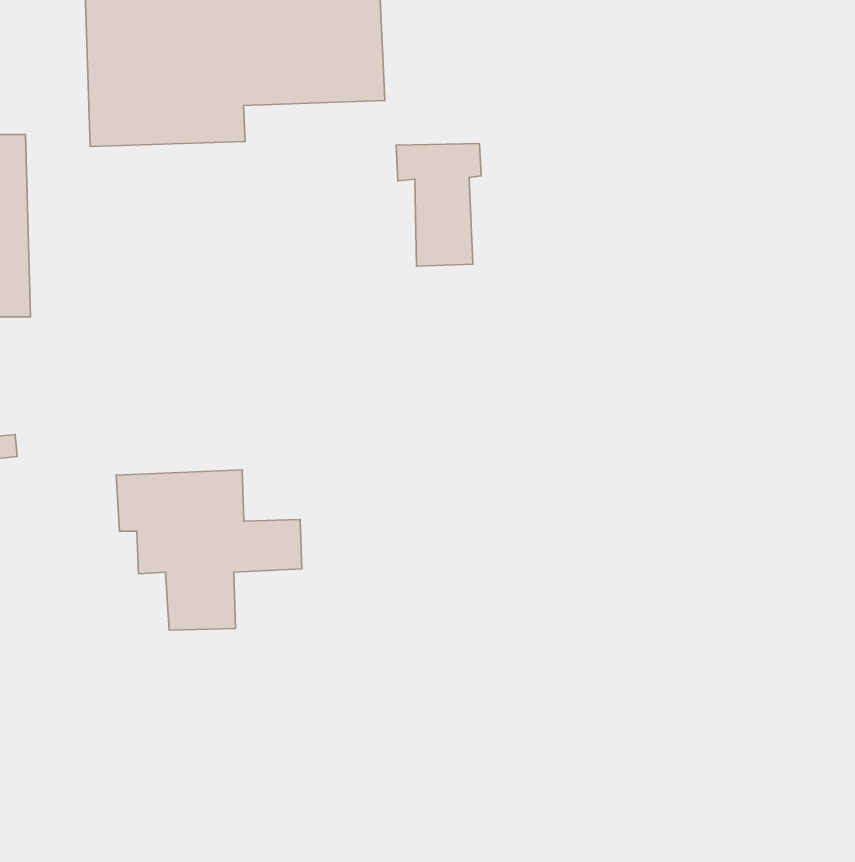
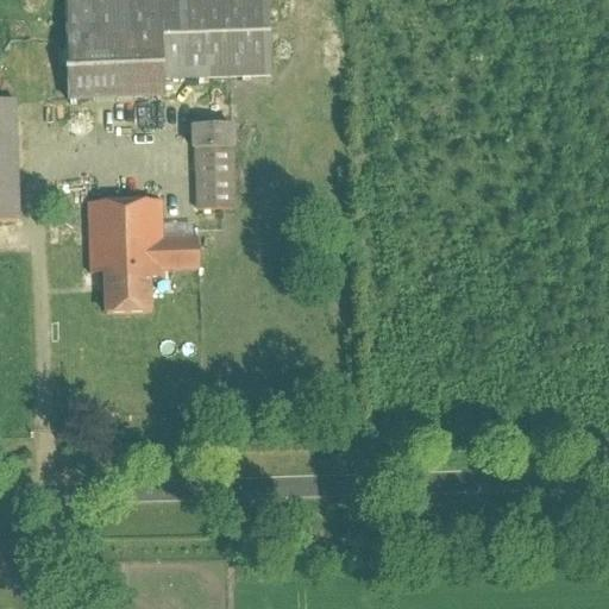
building: [396,143,481,266] -> [182,121,241,207]
building: [116,470,302,630] -> [70,196,200,308]

